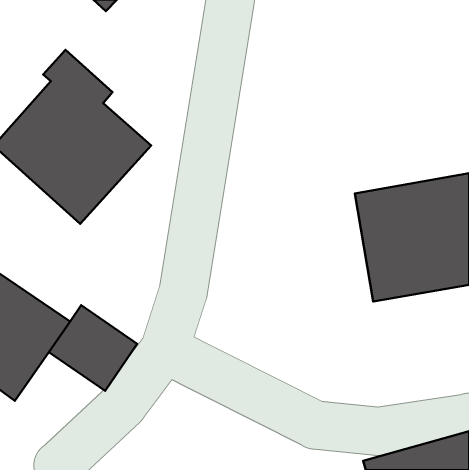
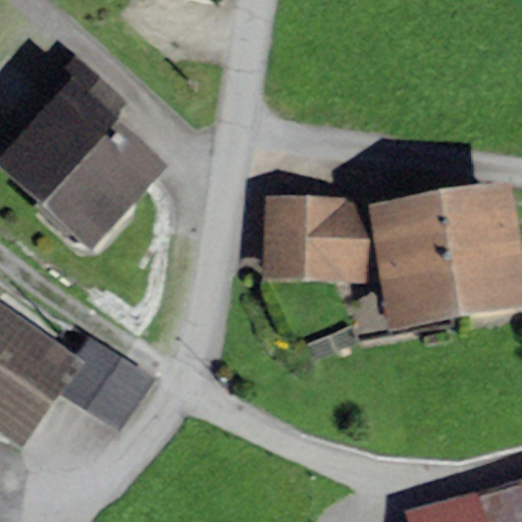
building: none -> [276,202,388,284]

